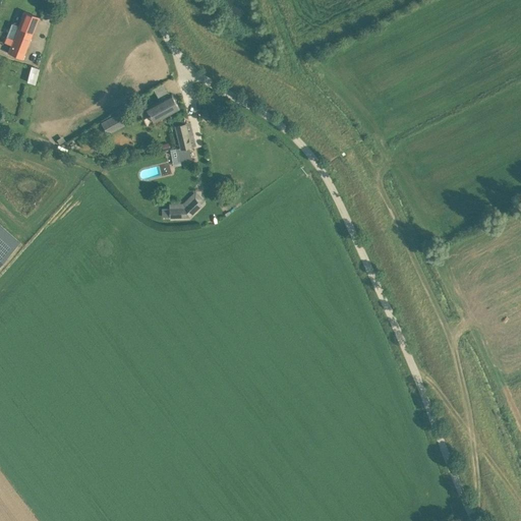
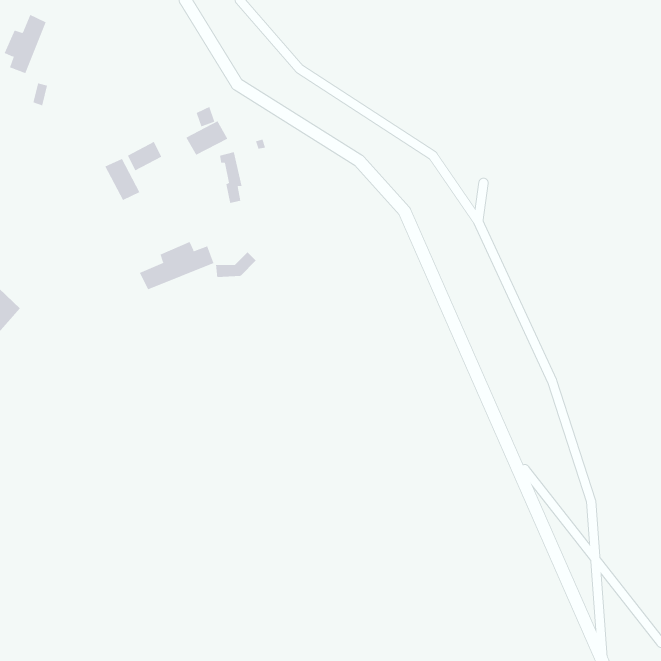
building: none -> [105,158,140,201]
building: none -> [139,241,214,290]

